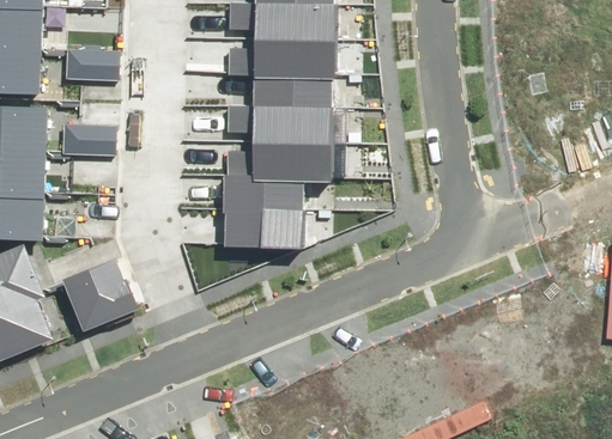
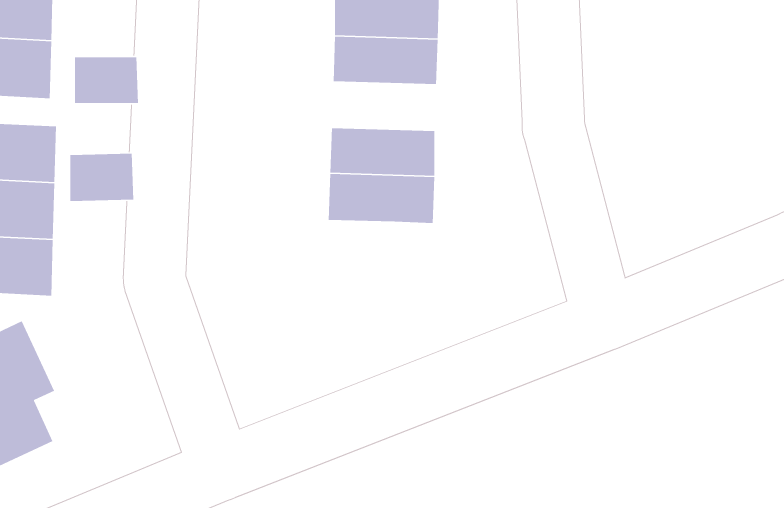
building: [256,69,337,106] -> none
building: [220,173,304,249] -> none
building: [50,273,123,340] -> none

